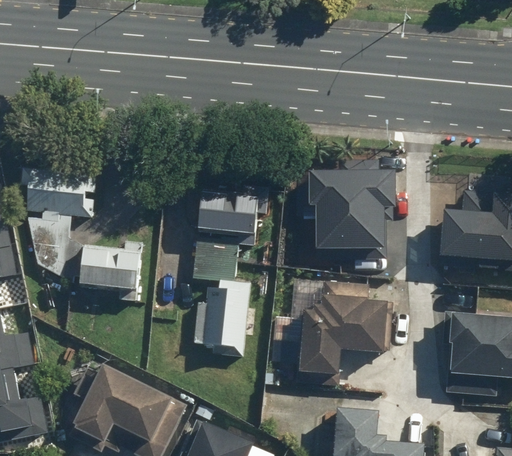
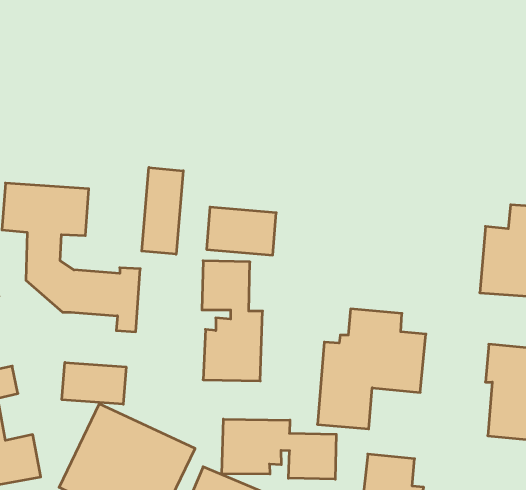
building: none -> [142,167,183,254]
building: [309,161,398,260] -> none
building: none -> [62,362,126,404]
building: none -> [222,419,336,479]

